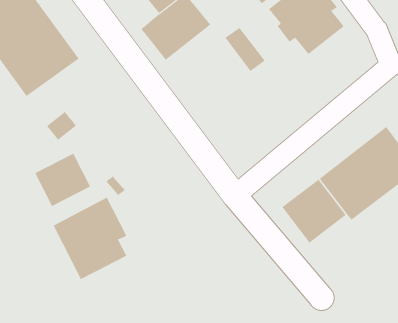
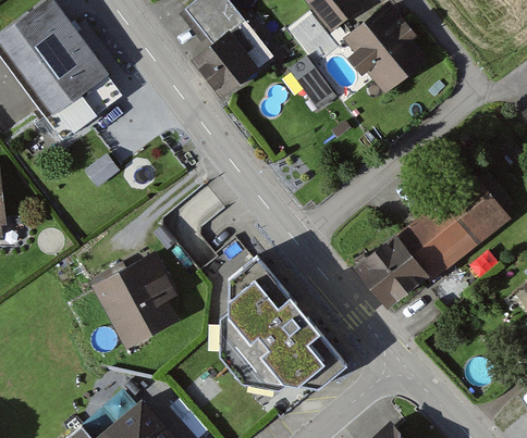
building: [34,153,91,207] -> none
building: none -> [219,254,346,388]

